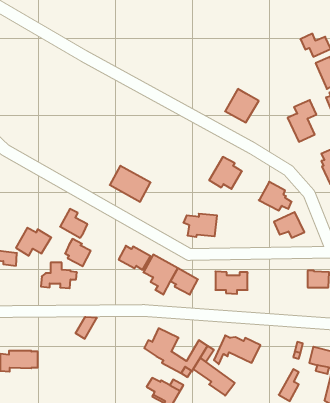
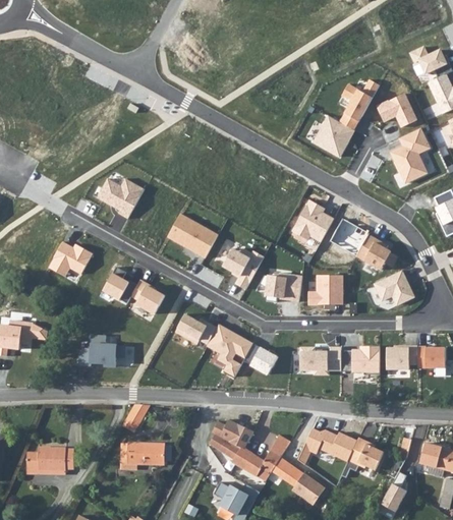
building: none -> [339,78,380,130]
building: none -> [377,92,419,127]
building: none -> [97,178,144,221]
building: none -> [330,219,369,255]
building: none -> [222,249,264,289]
building: none -> [307,275,342,305]
building: [16,228,51,256] -> [48,241,93,277]
building: [65,239,91,266] -> [132,280,165,314]
building: none -> [386,345,409,370]
building: none -> [341,347,380,375]
building: none -> [348,438,384,470]
building: none -> [121,443,164,469]

